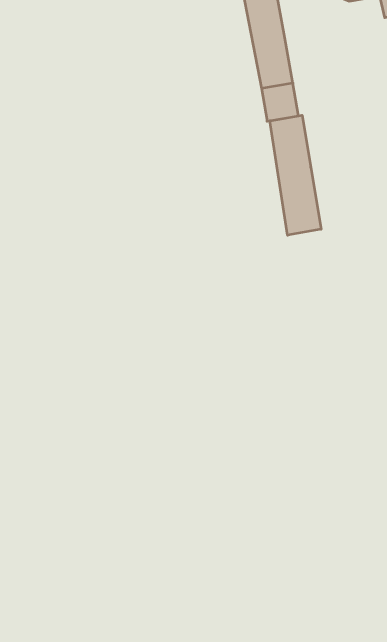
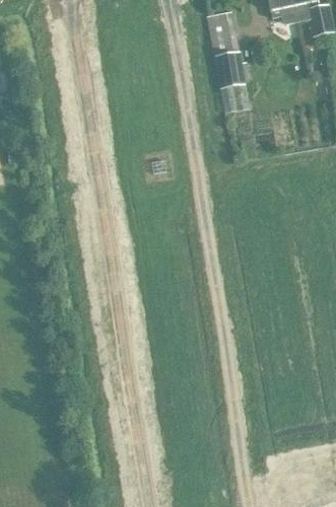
building: [270,115,321,235] -> none

